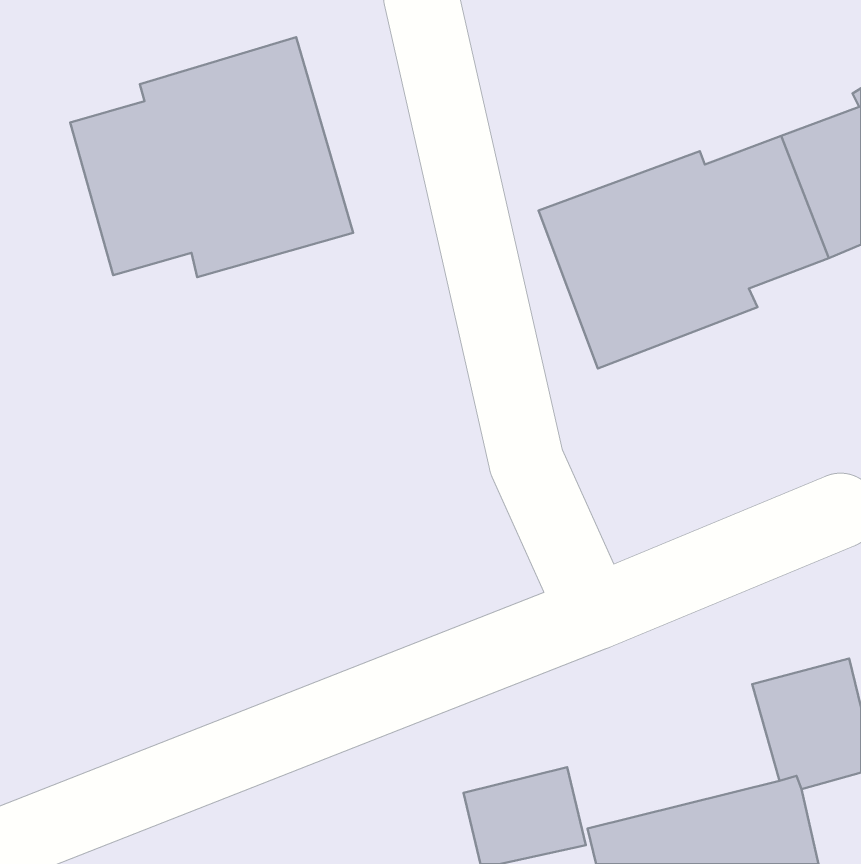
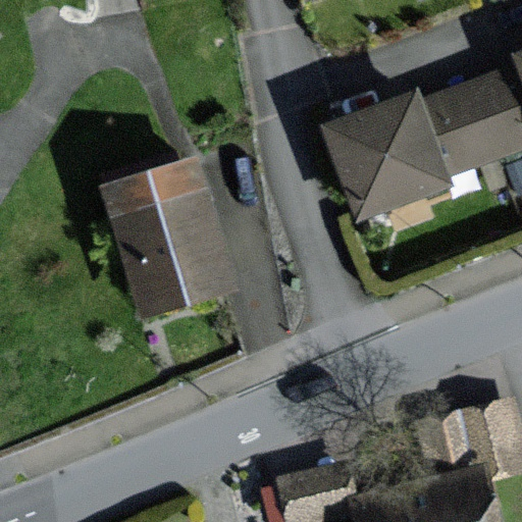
building: [70,37,353,277] -> none
building: none -> [100,158,233,318]

